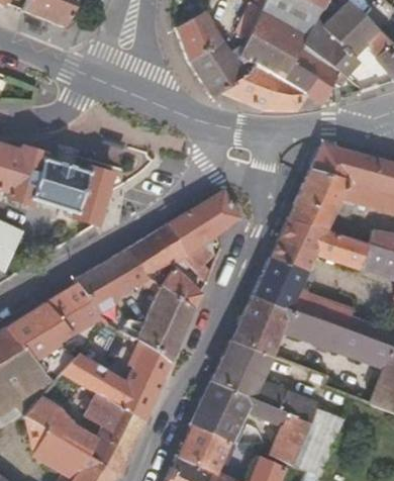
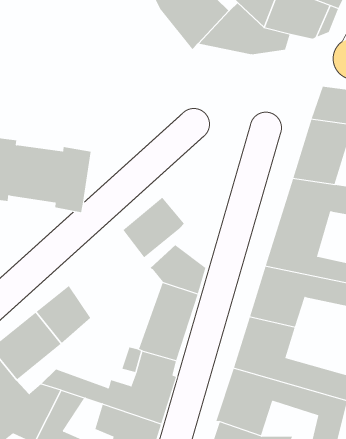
building: [173,190,241,261] -> none
building: [77,246,155,318] -> none

